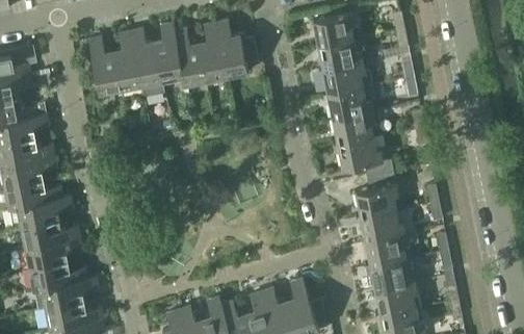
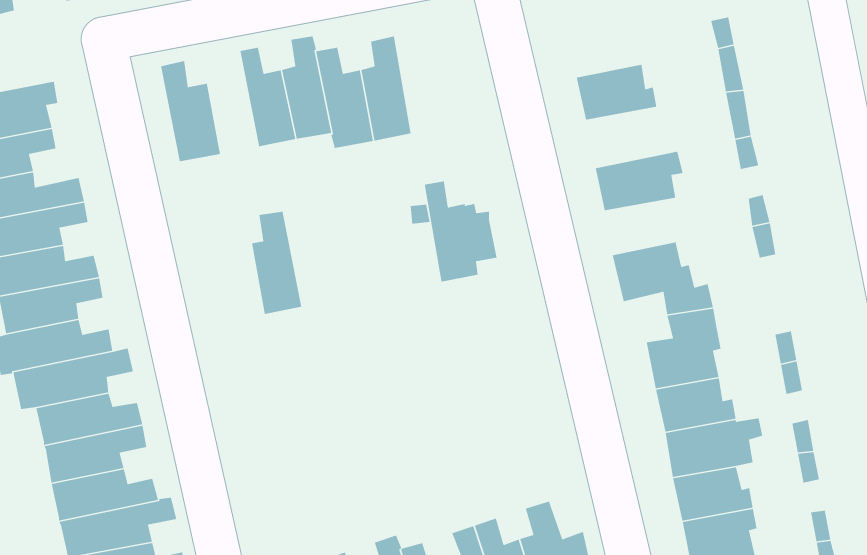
building: [312,11,355,45] -> none
building: [217,20,258,76] -> [424,181,498,283]
building: [114,30,142,87] -> [251,211,302,315]
building: [322,61,373,95] -> none
building: [333,111,374,143] -> none

